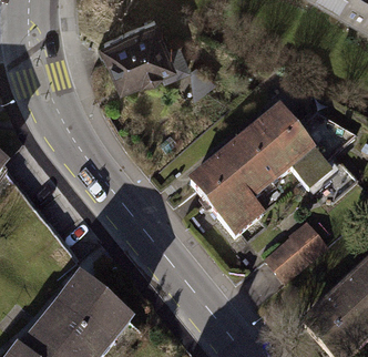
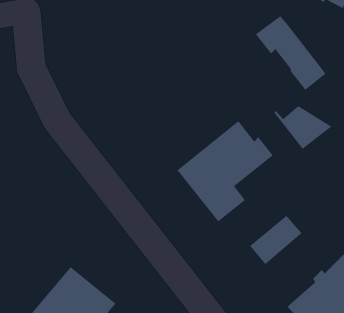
building: [96,14,186,79] -> none
building: [255,108,329,186] -> [255,15,326,91]

